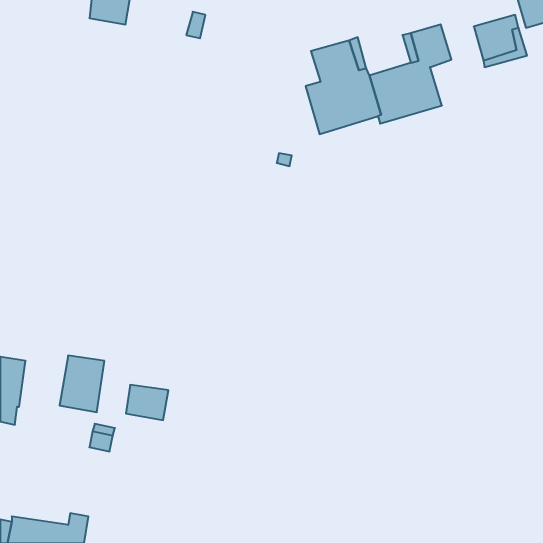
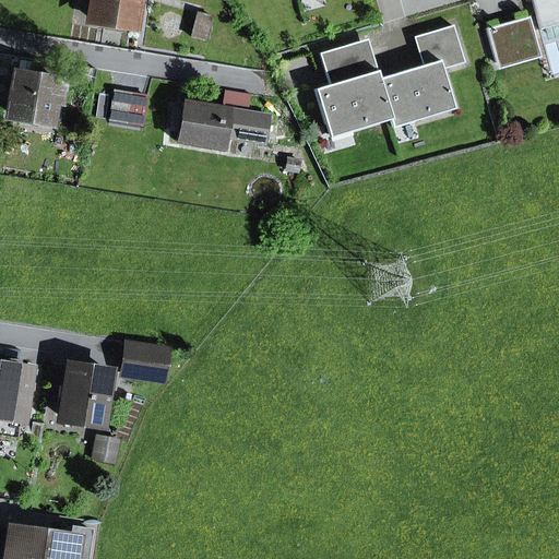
building: none -> [11,74,63,119]
building: none -> [171,90,270,147]
building: none -> [110,91,147,124]
building: [126,385,168,420] -> [123,344,167,380]

